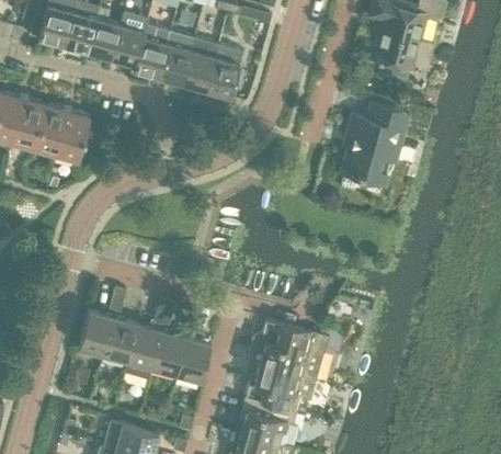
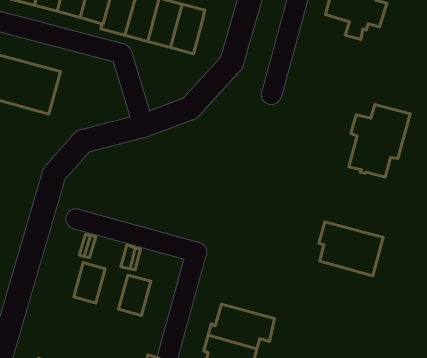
building: [341,102,406,179] -> [349,105,410,177]
building: [78,310,114,353] -> none
building: [259,319,327,376] -> [319,222,383,276]
building: [124,324,161,378] -> none
building: [173,337,210,389] -> none

